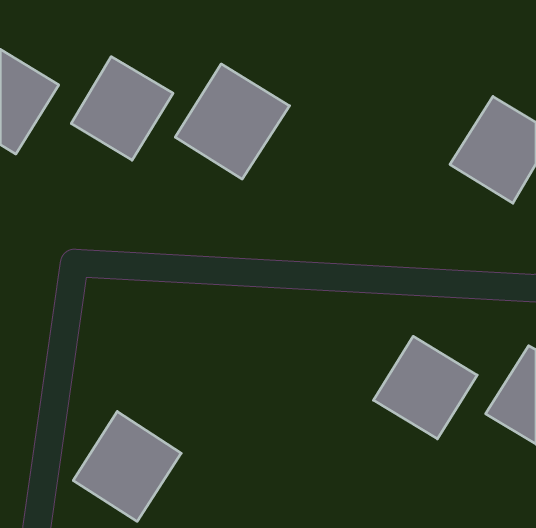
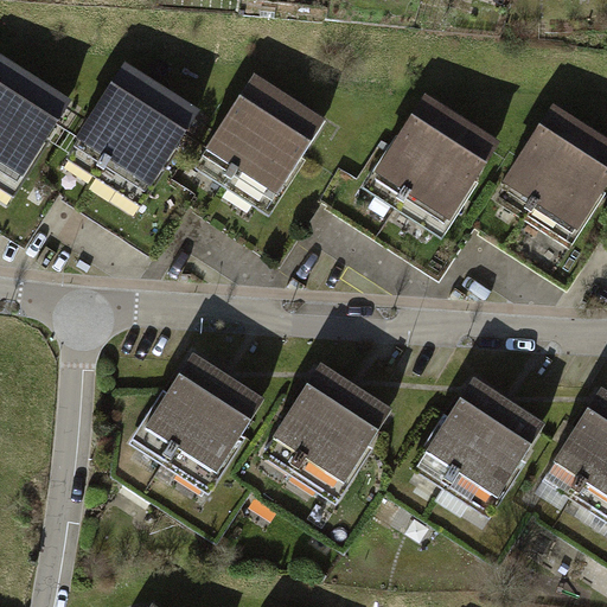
building: none -> [373,97,497,225]
building: none -> [269,366,389,486]
building: [73,411,181,521] -> [139,354,261,479]

